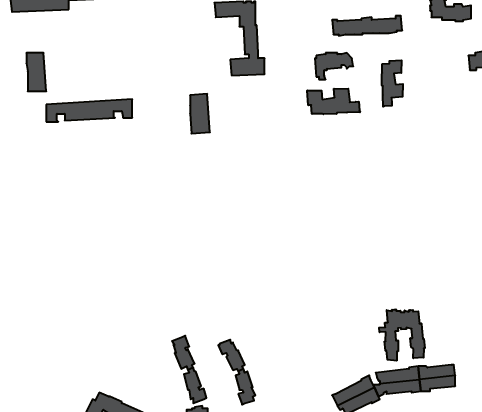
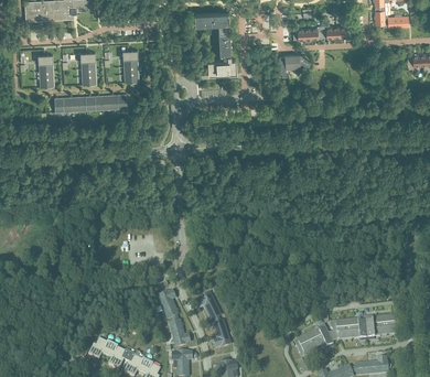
building: none -> [79,51,96,84]
building: [382,60,403,107] -> none
building: [307,89,360,114] -> none
building: [190,94,210,134] -> [122,49,139,82]
building: [379,309,425,361] -> none

